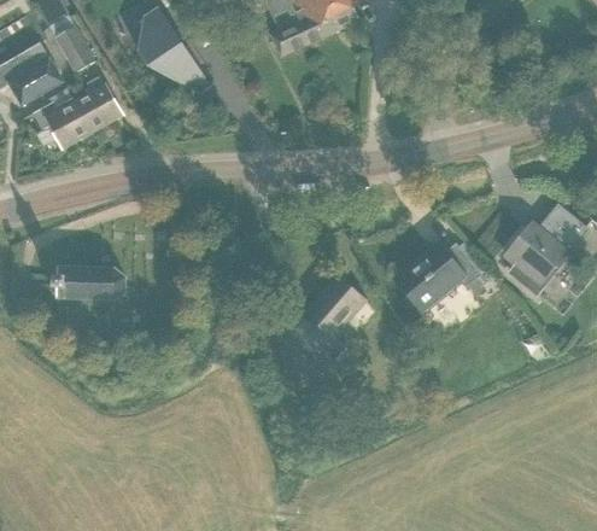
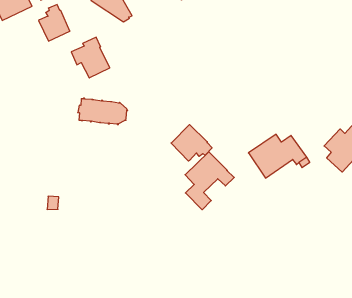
building: [33,86,90,146] -> [71,37,110,78]
building: none -> [171,125,212,161]
building: [53,263,125,298] -> [78,98,128,125]

